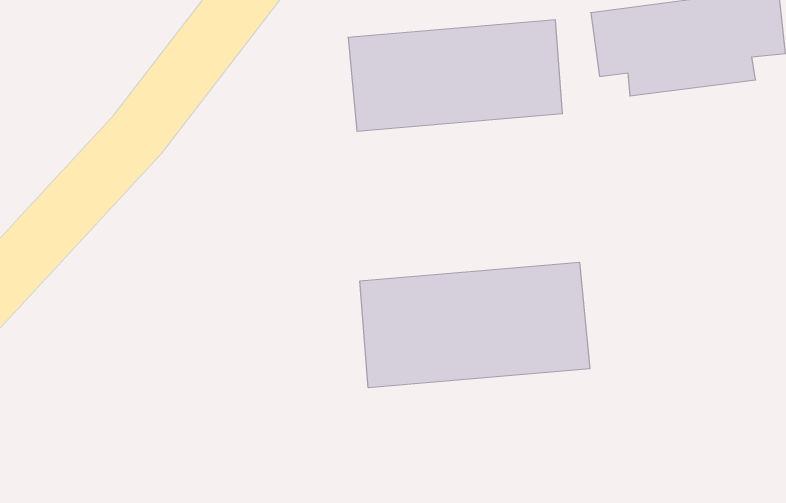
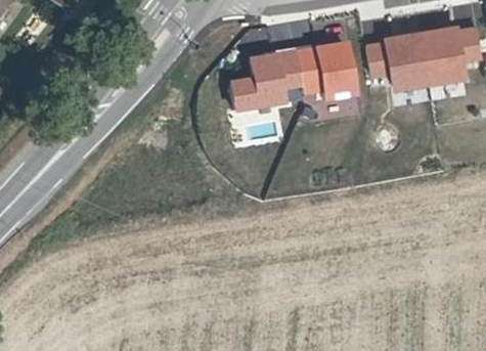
building: [360,262,590,388] -> none

